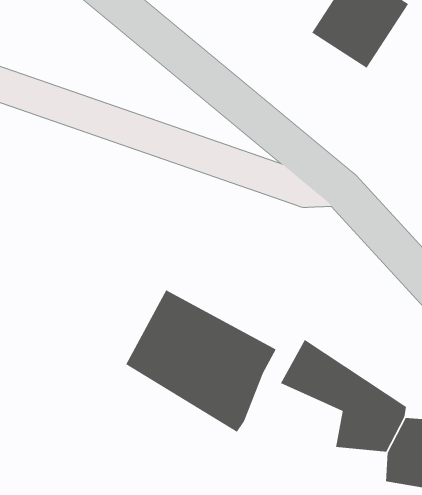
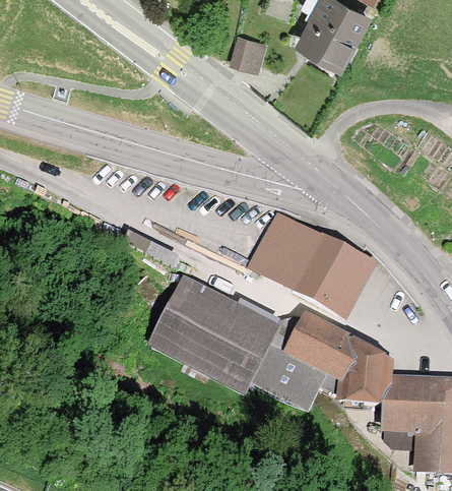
building: none -> [229,33,266,71]
building: none -> [250,213,384,324]
building: none -> [255,342,322,403]

